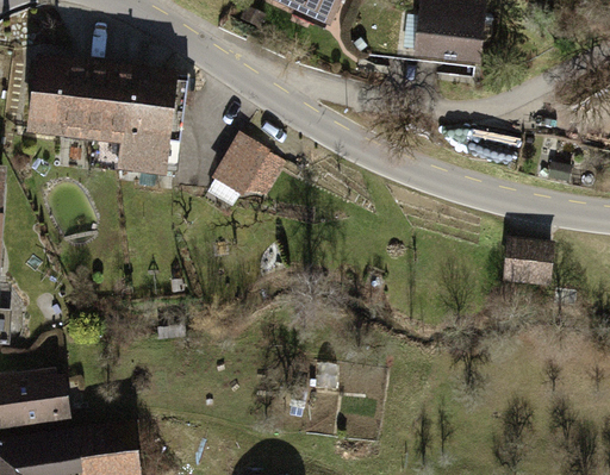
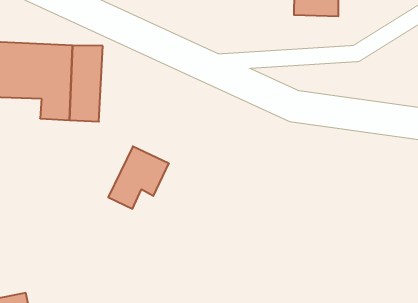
building: [211,129,291,207] -> [108,146,169,209]
building: [506,242,553,281] -> none

